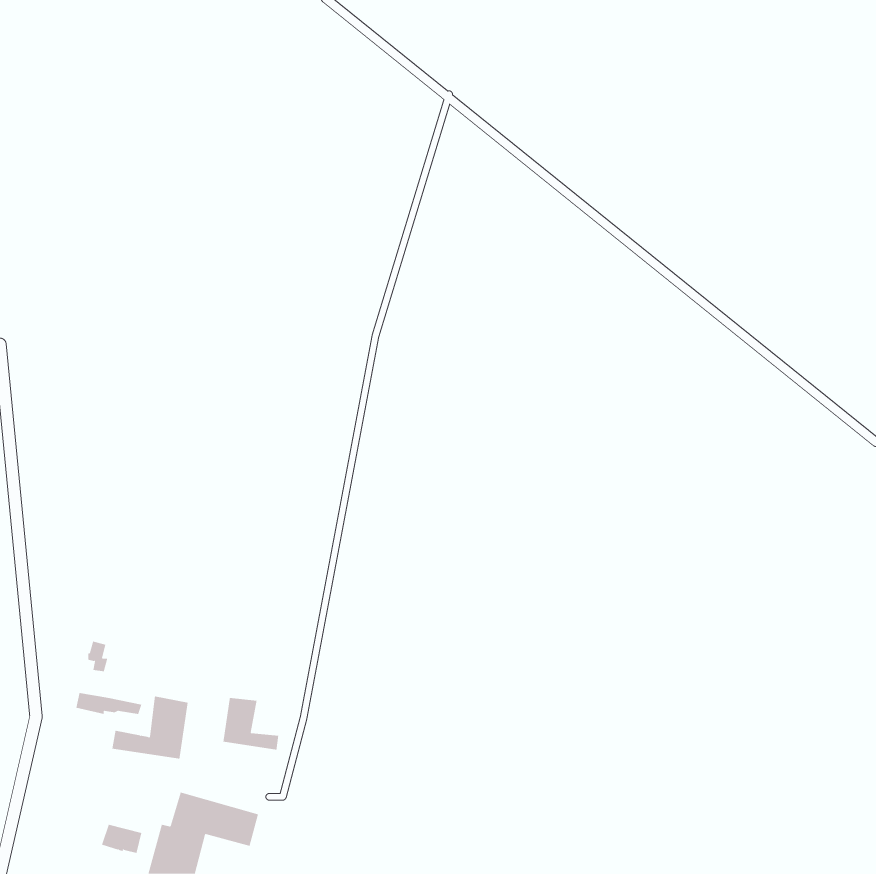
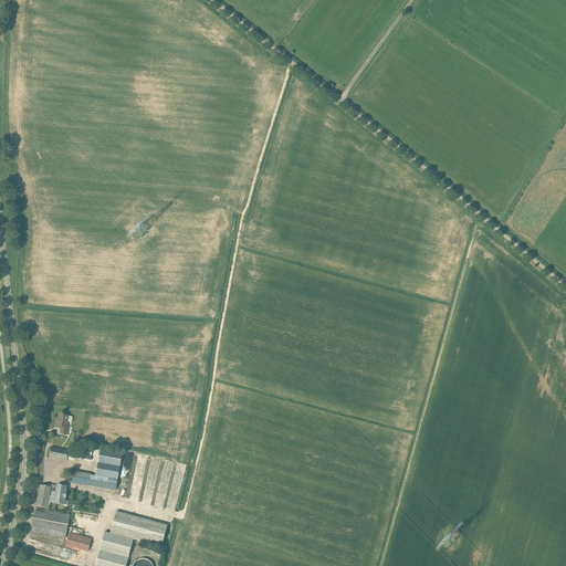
building: [223,697,279,750] -> none
building: none -> [31,483,71,537]

